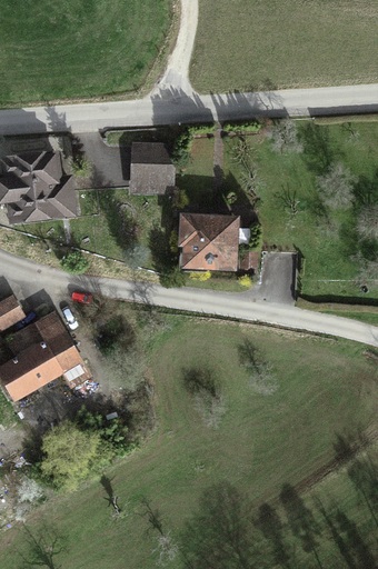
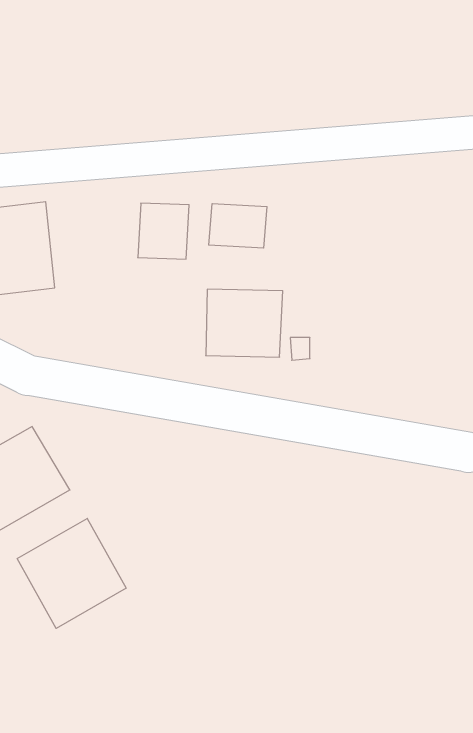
building: none -> [209,204,267,248]
building: none -> [17,518,126,628]

